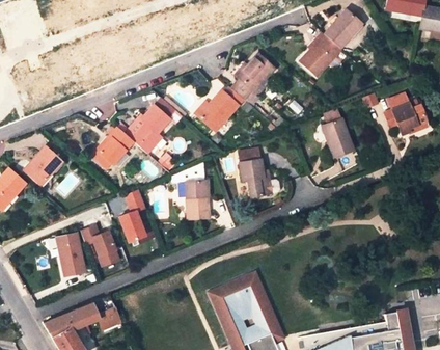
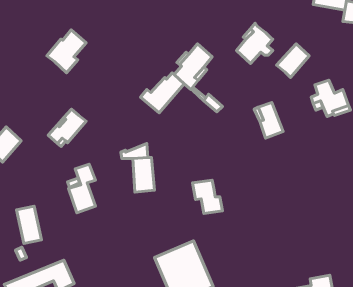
building: [325,10,361,48] -> [277,44,309,77]
building: [127,105,170,153] -> [47,30,86,73]
building: [240,159,273,196] -> [193,180,223,214]
building: [80,223,119,267] -> none

